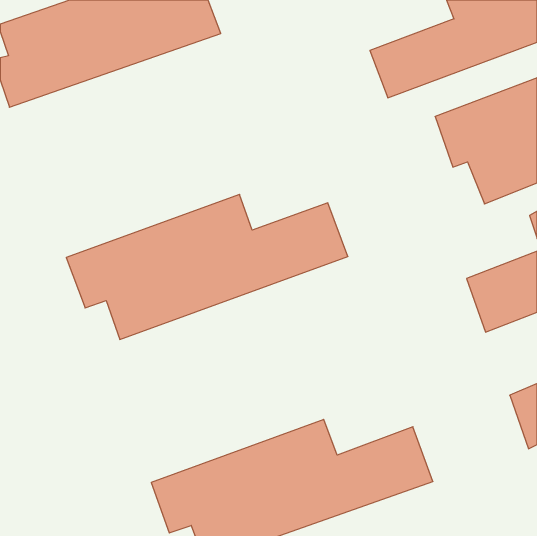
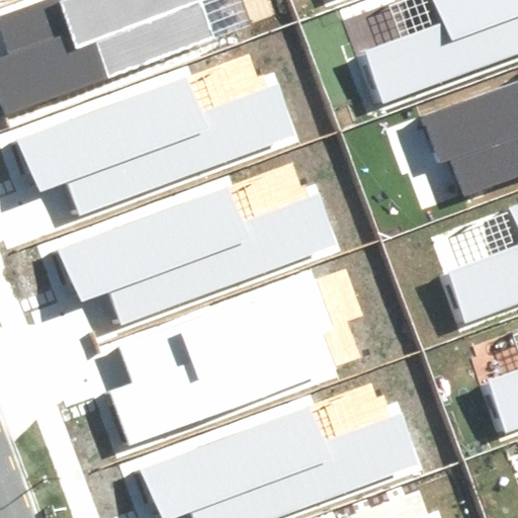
building: none -> [21,79,292,218]
building: none -> [103,276,328,447]

